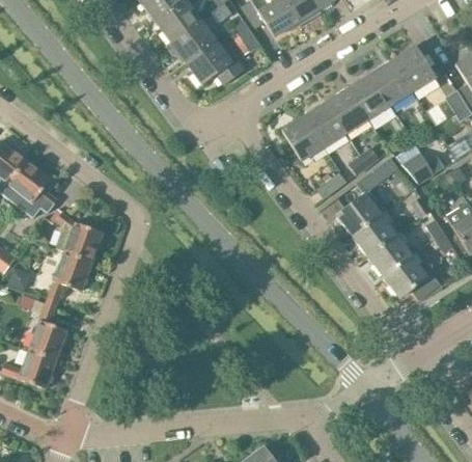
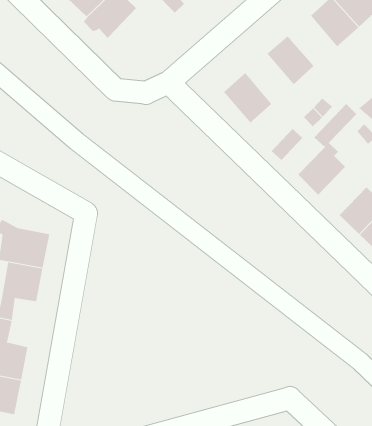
building: [186,40,244,85] -> none
building: [348,73,390,118] -> none
building: [304,101,345,146] -> none
building: [352,214,396,256] -> none

